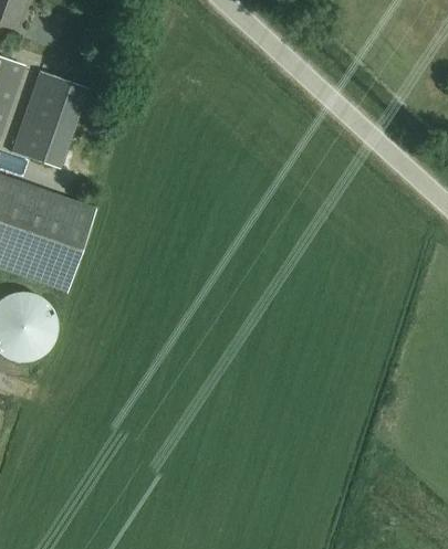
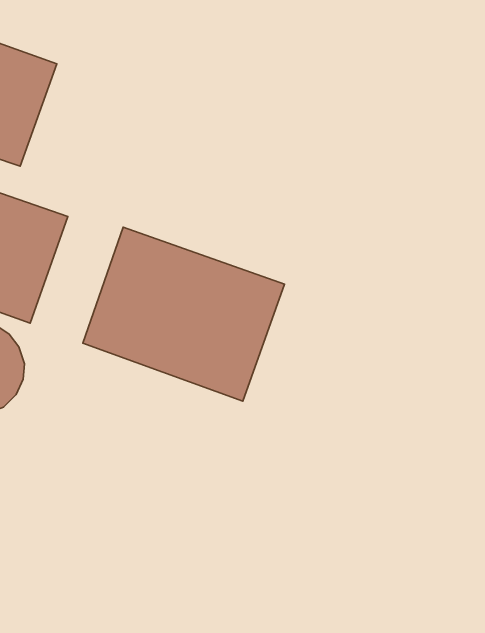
building: none -> [83,227,285,401]

